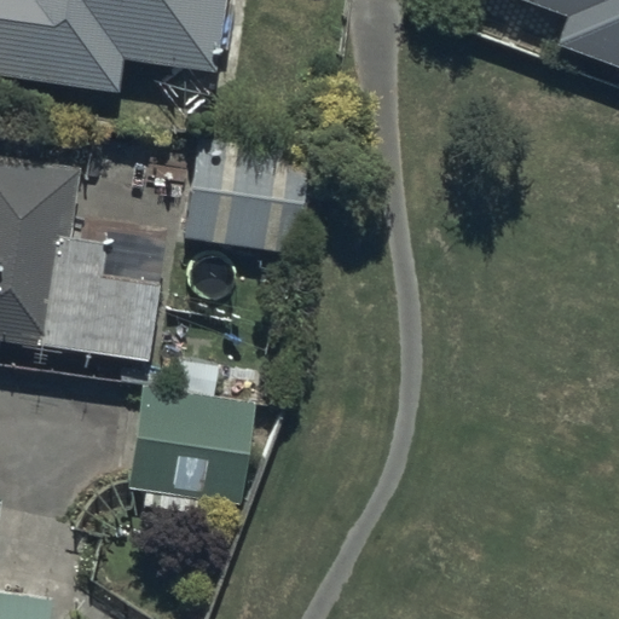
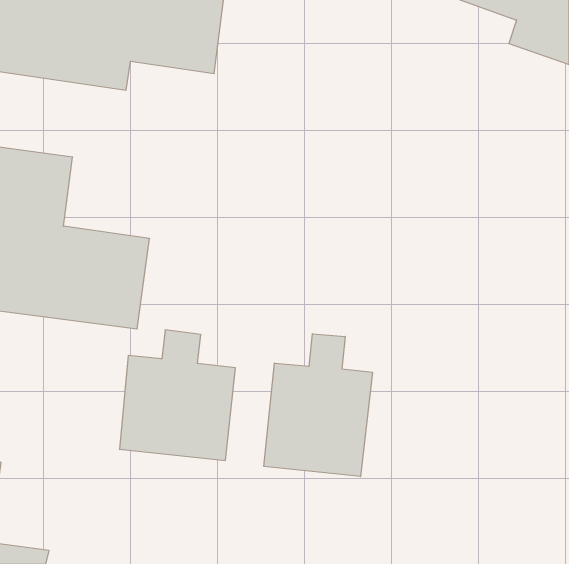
building: [185,156,308,250] -> none
building: none -> [264,334,372,477]

